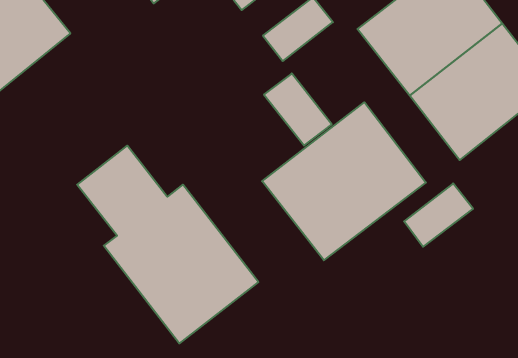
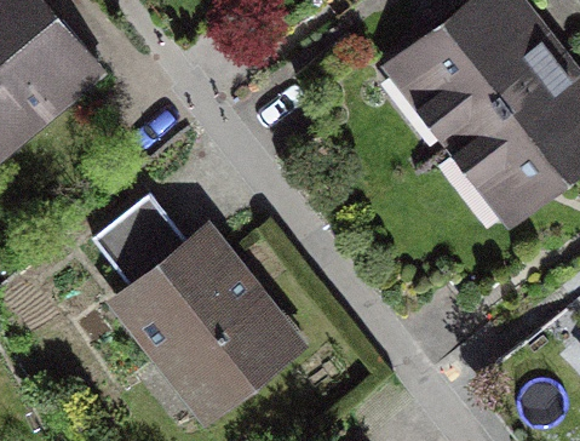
building: [262,102,426,260] -> none

